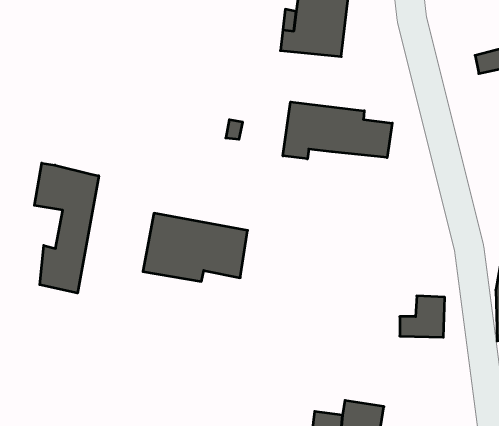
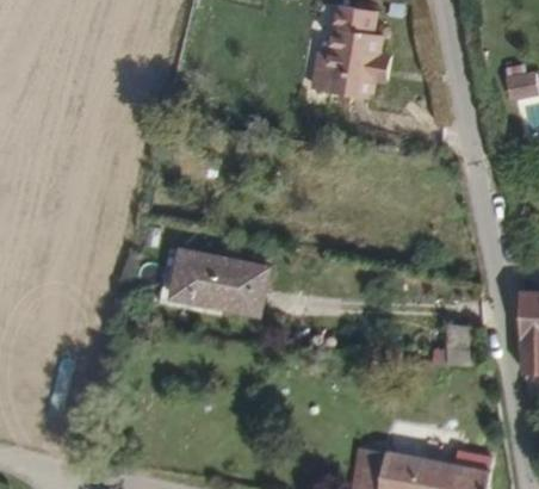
building: [283,102,392,159] -> none
building: [34,163,99,293] -> none

